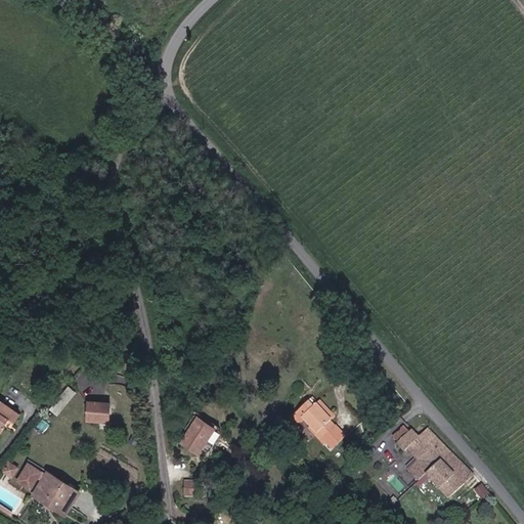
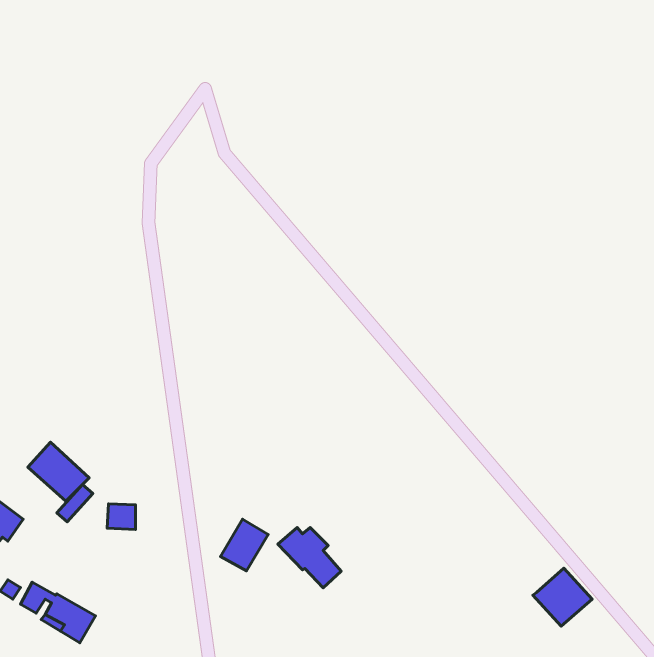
building: none -> [28,442,89,501]
building: [292,400,342,448] -> [278,527,341,588]
building: [394,429,447,472] -> none

